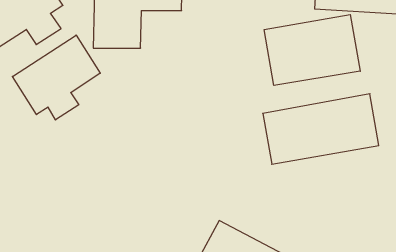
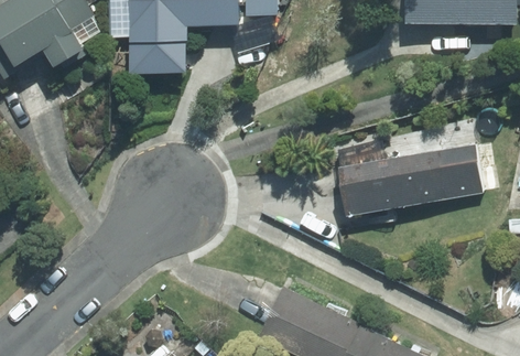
building: [264,15,360,85] -> none
building: [12,35,100,120] -> none

